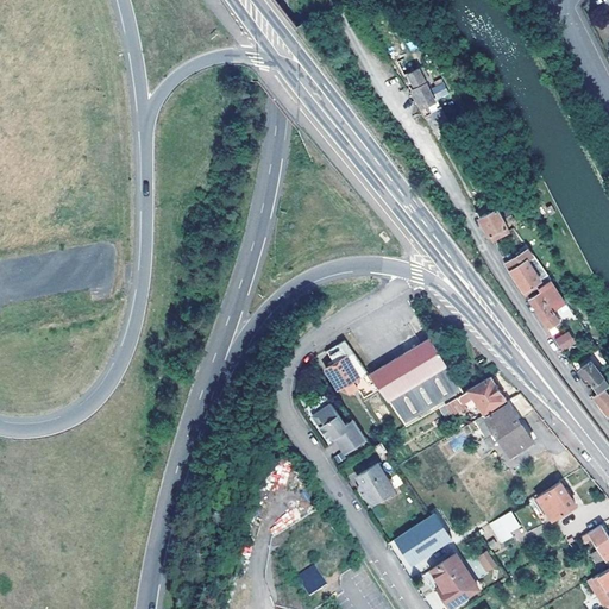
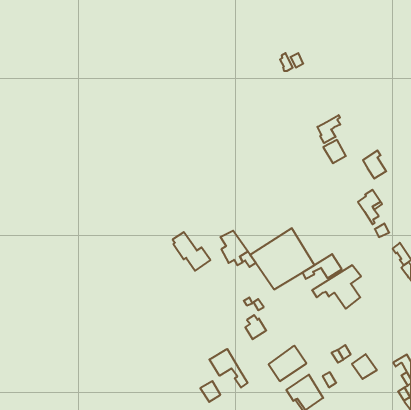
building: none -> [317,115,340,143]
building: [507,250,541,291] -> [363,150,386,179]
building: [309,397,365,454] -> [173,232,210,271]
building: [539,483,576,520] -> [352,354,377,379]
building: none -> [209,349,248,388]

